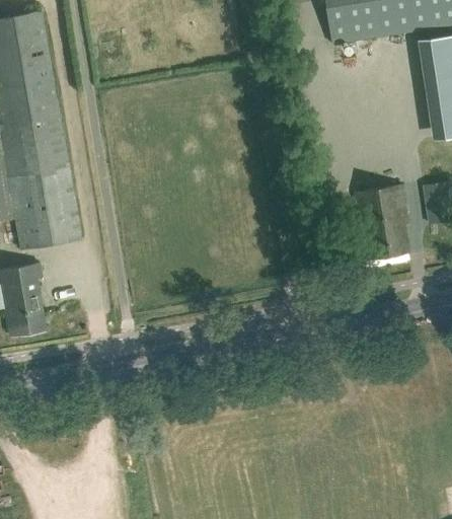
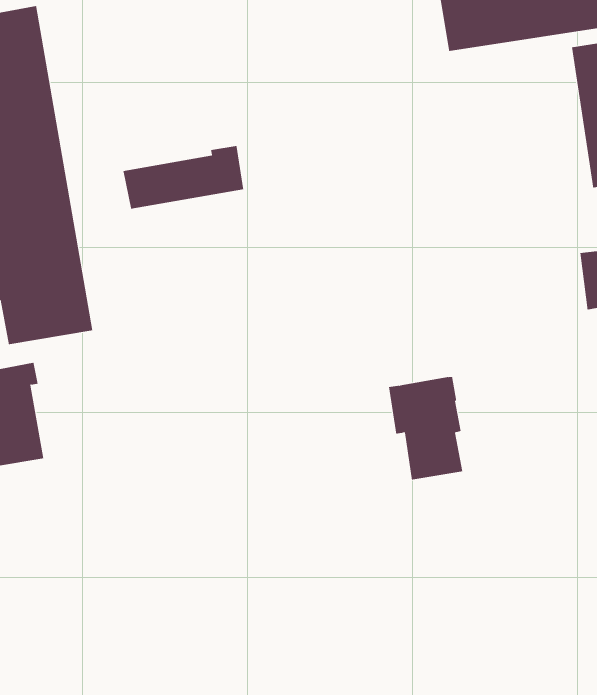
building: none -> [123,145,244,209]
building: [356,184,408,257] -> [388,377,463,480]

